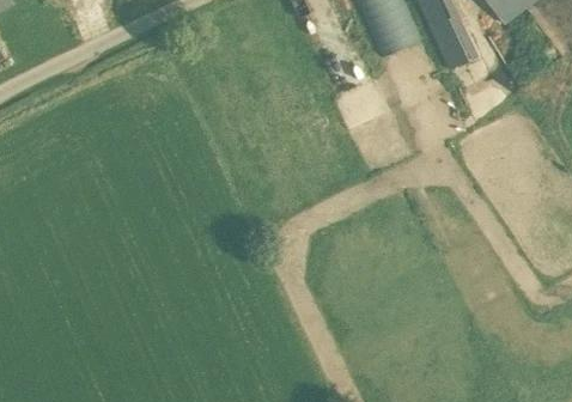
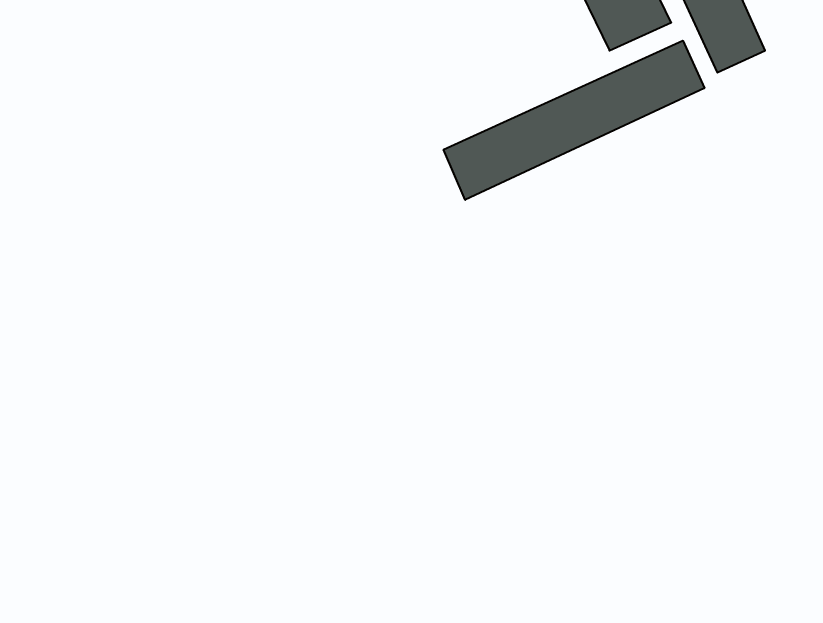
building: none -> [444,41,704,200]

